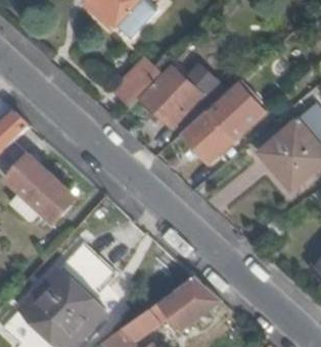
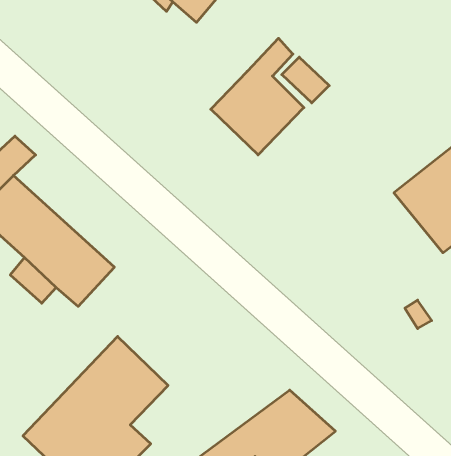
building: [113,55,164,105] -> none
building: [181,66,264,162] -> none

